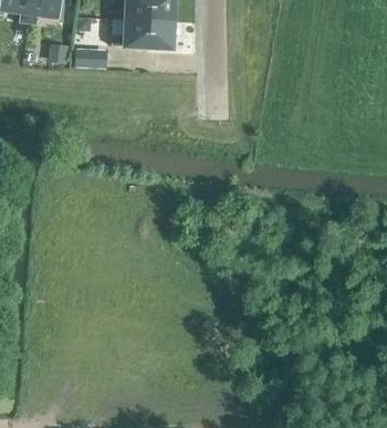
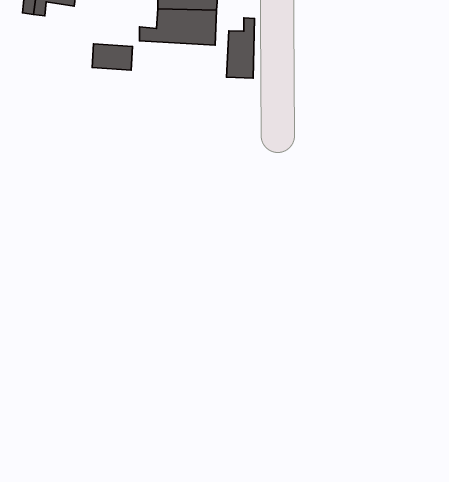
building: none -> [226,18,255,78]

